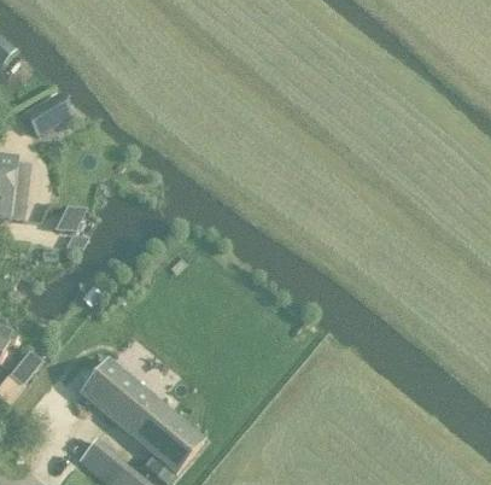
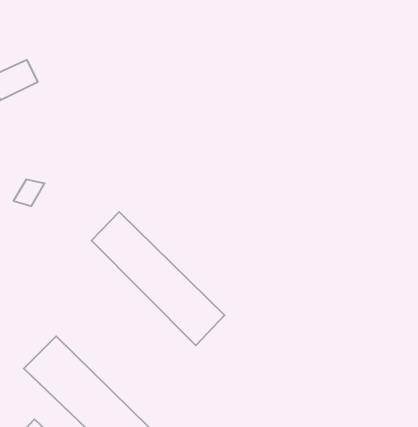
building: none -> [91,212,225,345]

